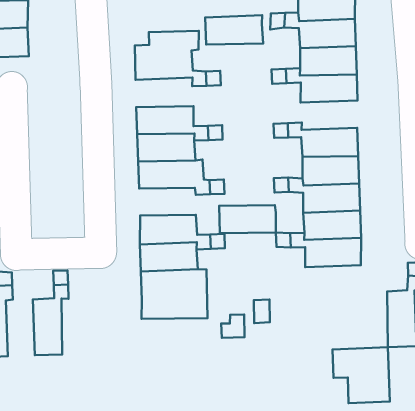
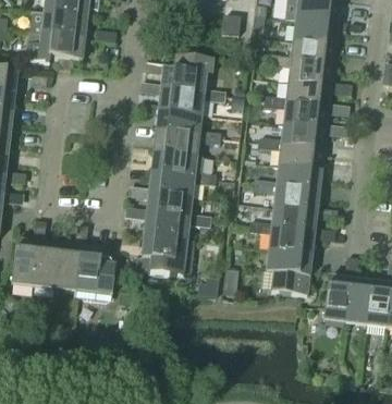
building: [205,15,263,45] -> [158,89,204,115]
building: none -> [281,124,327,149]
building: [219,205,276,233] -> [149,172,194,198]
building: none -> [74,247,115,301]
building: none -> [34,243,59,287]
building: [332,347,390,403] -> [267,249,311,295]

